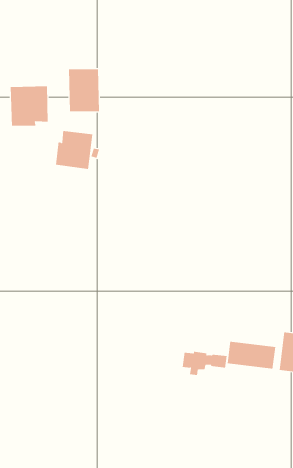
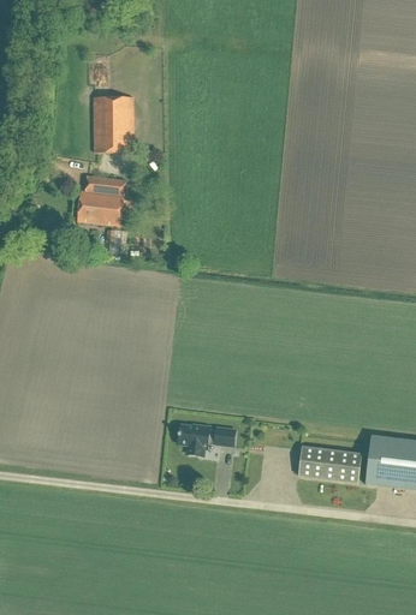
building: [10,86,48,127] -> none
building: [182,351,228,376] -> [177,423,236,454]

